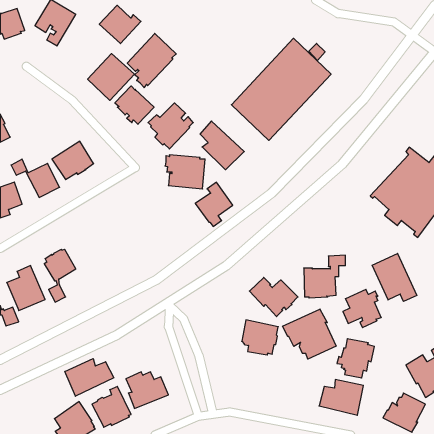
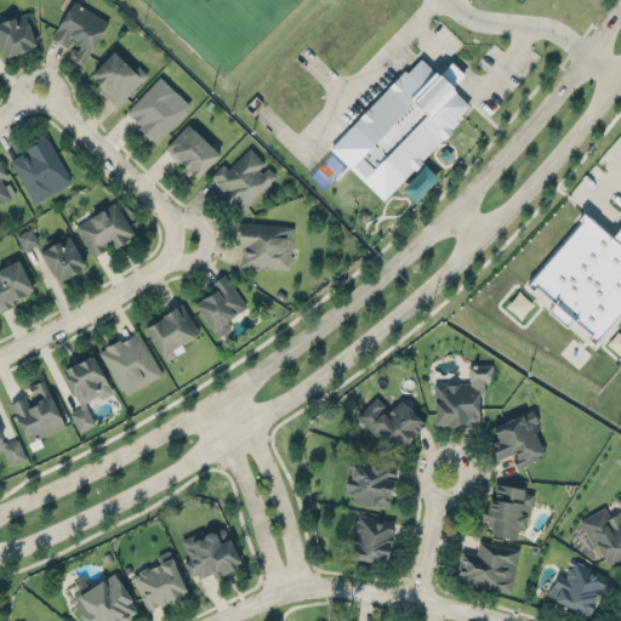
building: [99,5,141,44] -> [89,52,148,107]
building: [127,33,176,88] -> none
building: none -> [11,135,72,204]
building: [200,121,244,170] -> none
building: [195,182,233,226] -> [194,274,247,337]
building: none -> [146,304,201,363]
building: none -> [99,331,163,397]
building: [372,253,417,301] -> none
building: [283,309,336,359] -> none
building: [65,359,114,396] -> none
building: none -> [351,517,394,564]

